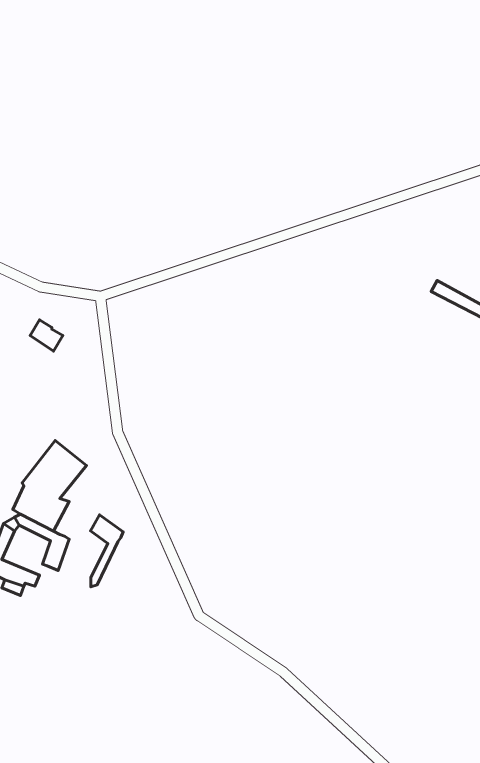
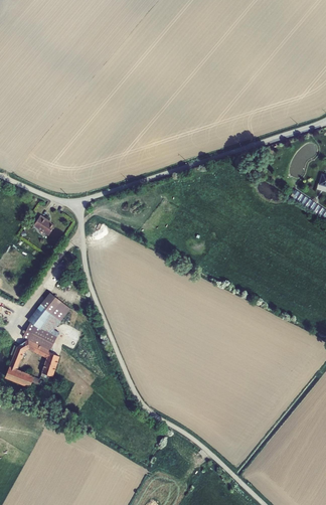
building: [90,515,123,587] -> none

